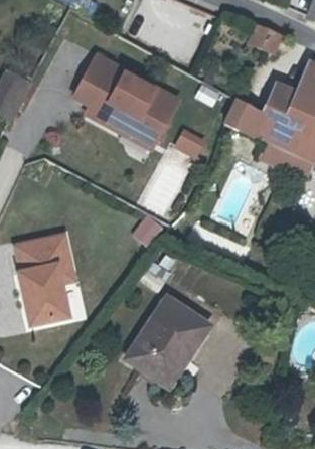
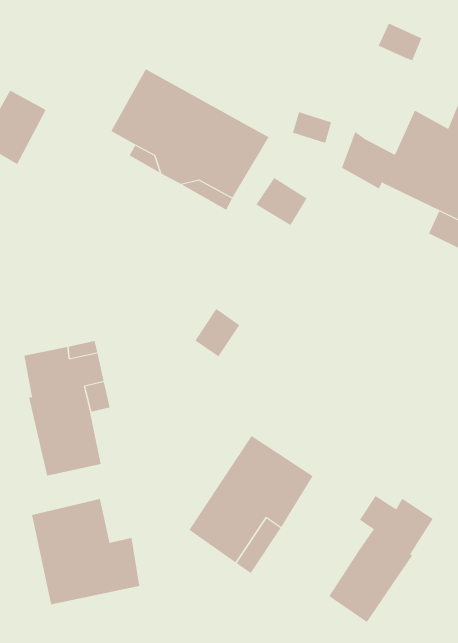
building: none -> [328,495,433,623]
building: none -> [32,498,140,605]

